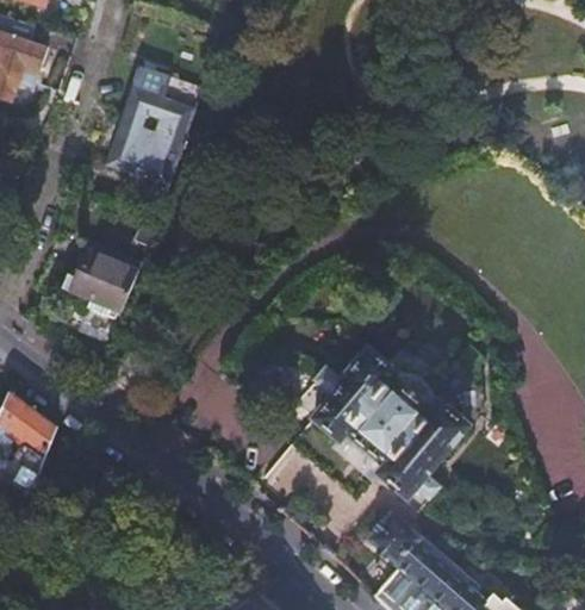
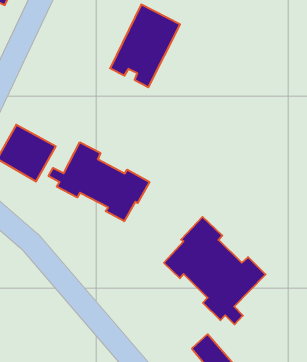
building: [106,66,201,186] -> [110,5,180,87]
building: none -> [49,142,149,221]

